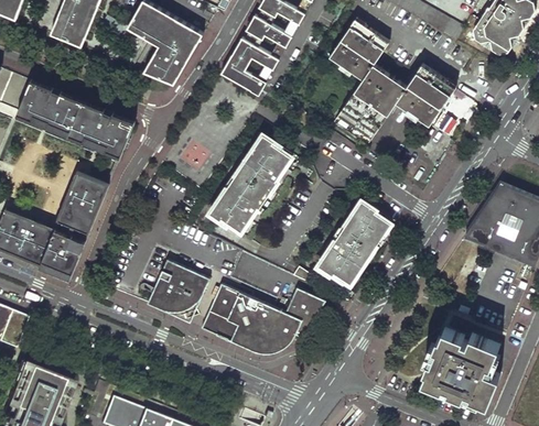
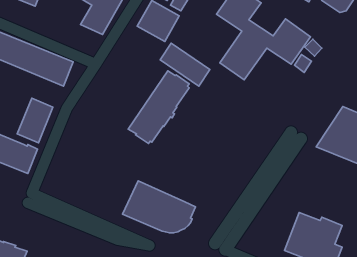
building: none -> [160,43,210,86]
building: [317,200,390,284] -> none
building: [147,260,211,313] -> none
building: [285,288,326,339] -> none

